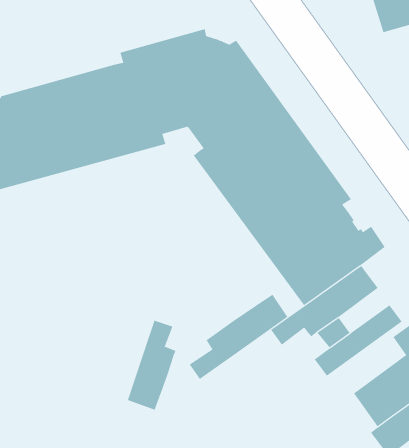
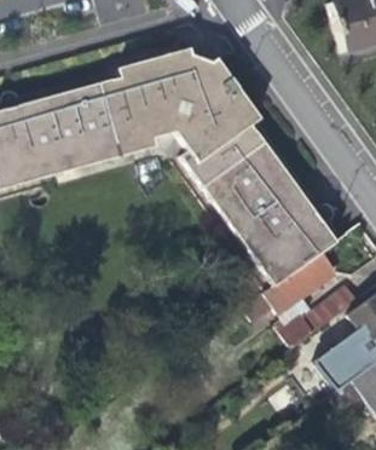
building: [189,294,288,380] -> none
building: [127,320,176,410] -> none

